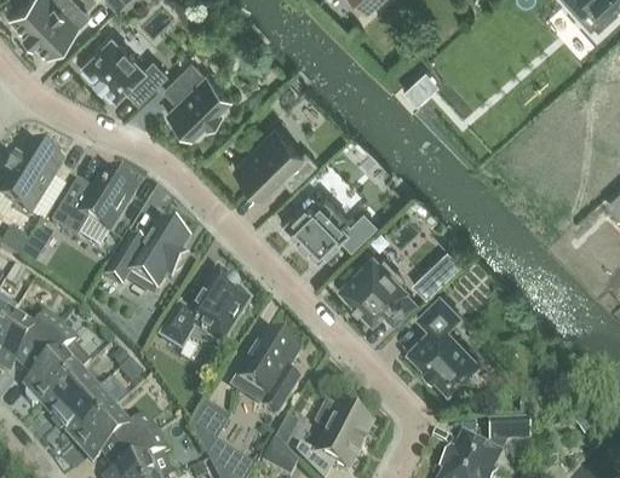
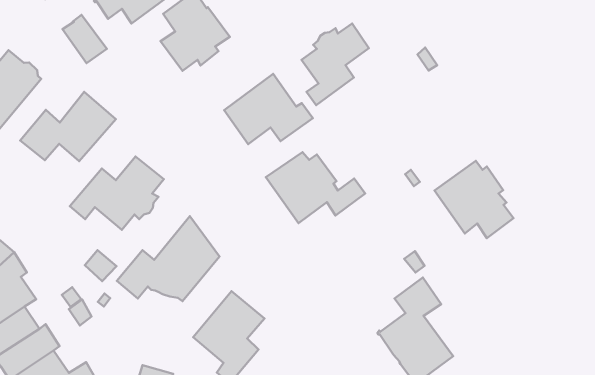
building: none -> [301,23,369,105]
building: none -> [62,15,107,63]
building: [338,255,414,324] -> [434,161,513,238]

